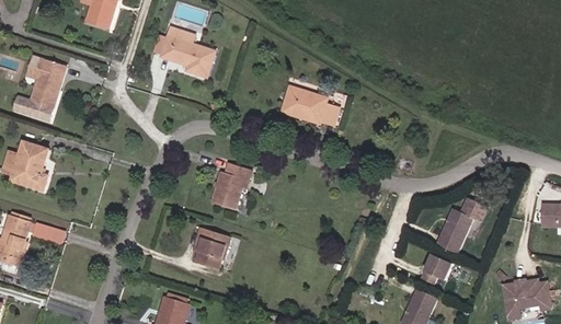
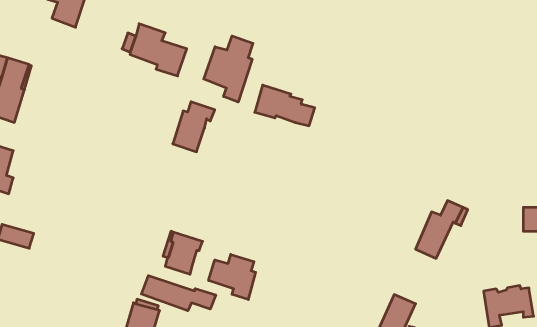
building: none -> [204,36,253,102]
building: [211,162,252,210] -> [173,102,215,152]
building: none -> [209,254,256,300]
building: [421,253,453,284] -> none
building: none -> [141,276,216,311]

